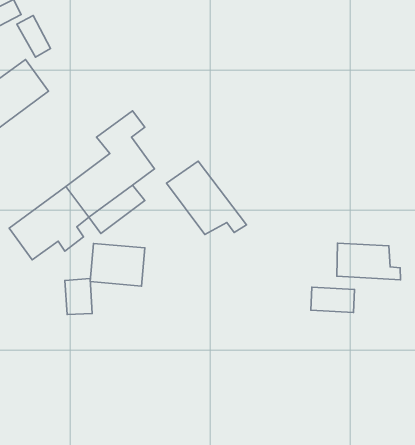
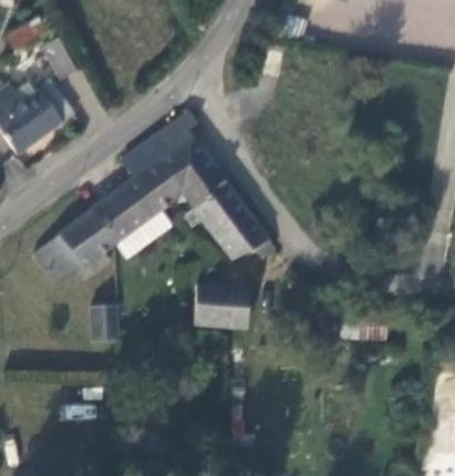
building: none -> [158,110,226,207]
building: [337,243,401,280] -> none
building: [90,243,145,286] -> [192,284,248,327]

